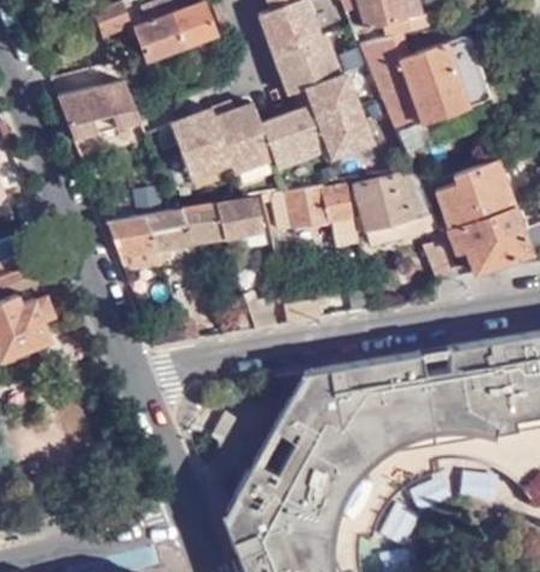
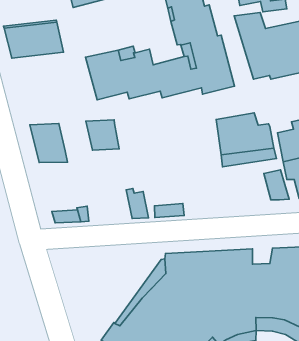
building: [277,184,360,249] -> none
building: [219,200,265,239] -> none
building: [145,208,197,259] -> none

